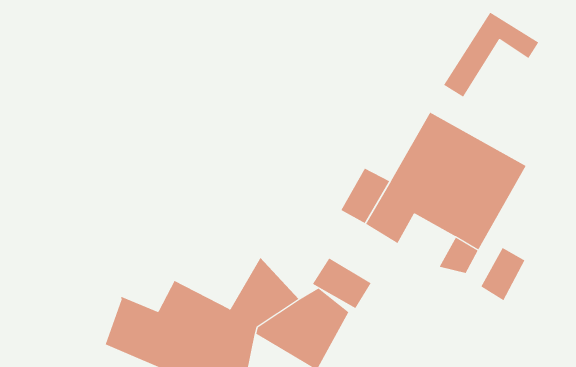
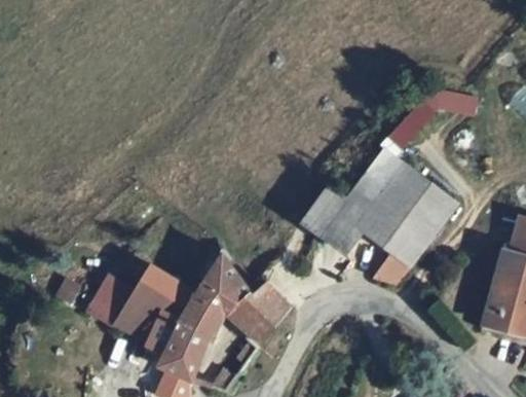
building: [480,247,525,301] -> none
building: [312,257,372,309] -> none

